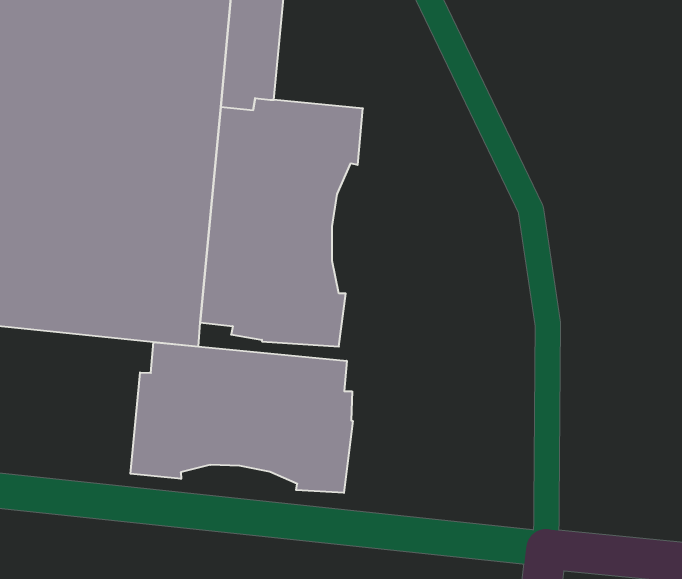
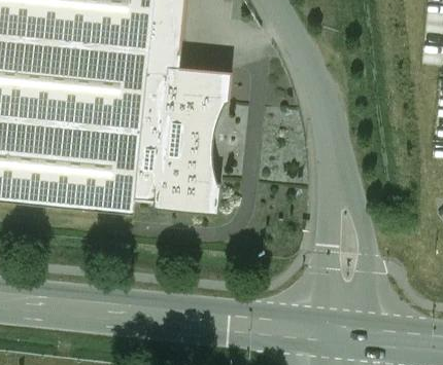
building: [130,342,353,493] -> none

